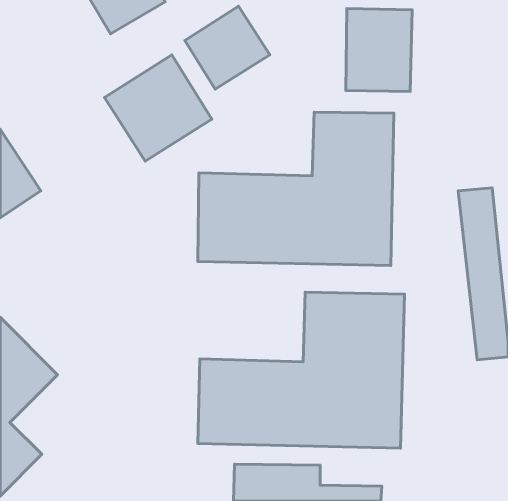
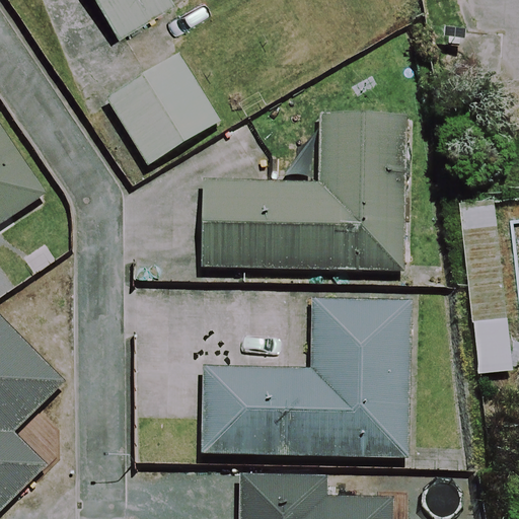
building: [185,6,270,89] -> none
building: [346,9,412,92] -> none

